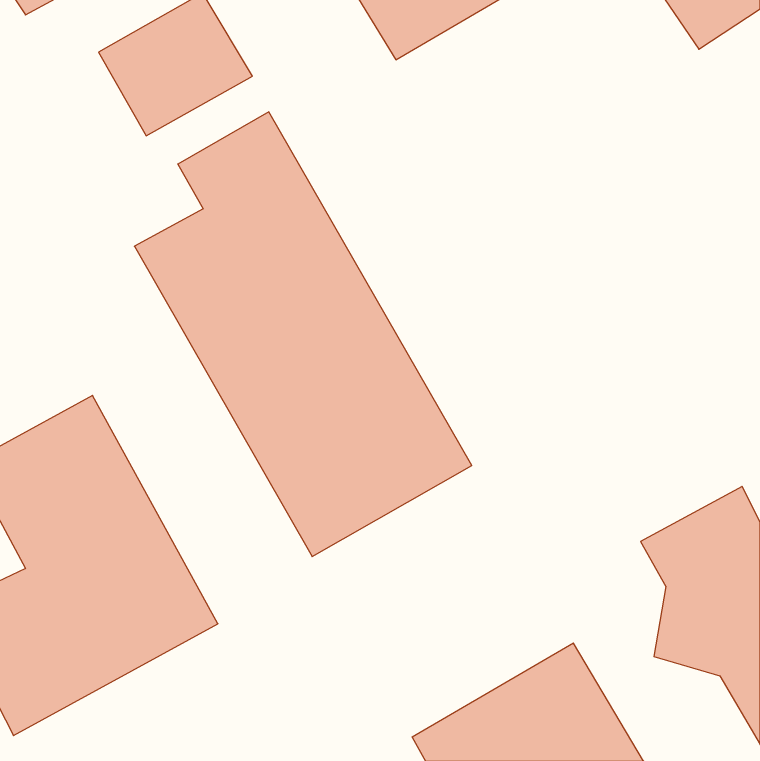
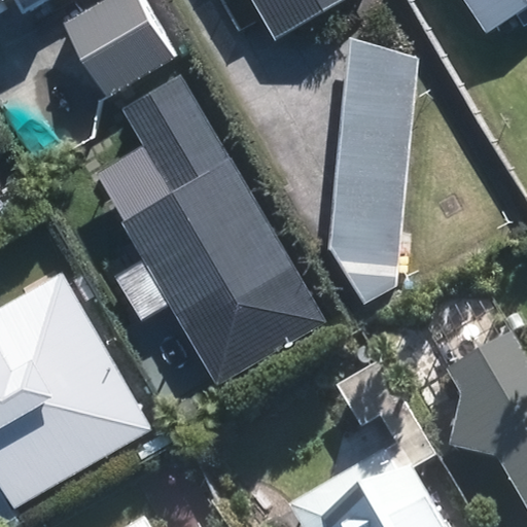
building: none -> [329,37,417,304]

